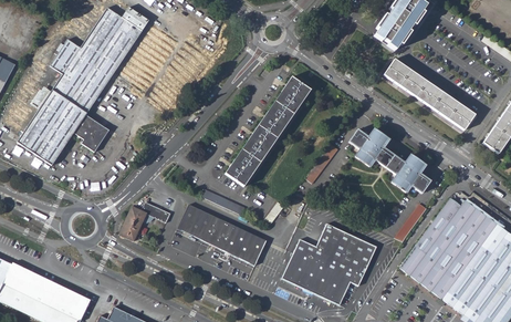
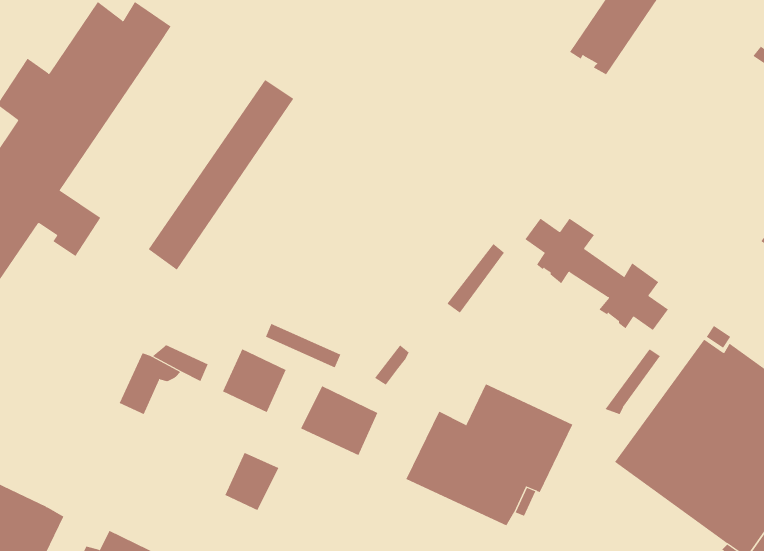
building: [385,59,476,129] -> none
building: [227,77,310,186] -> [148,79,294,271]
building: [204,216,234,249] -> [225,452,279,511]

